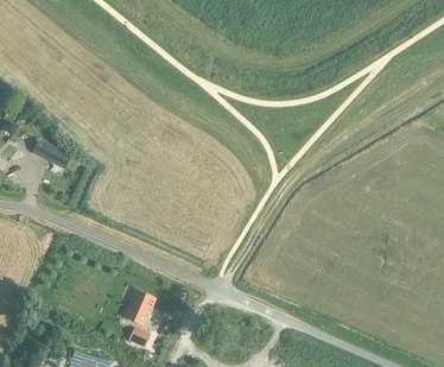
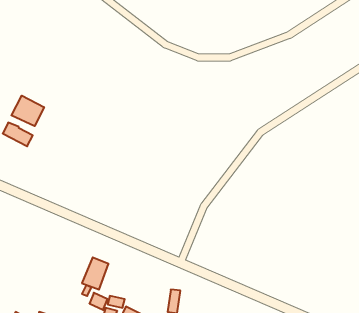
building: none -> [11,96,44,126]

